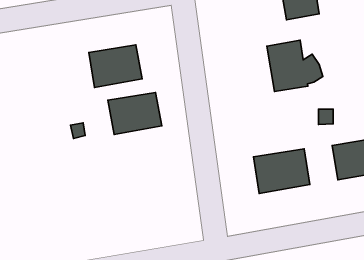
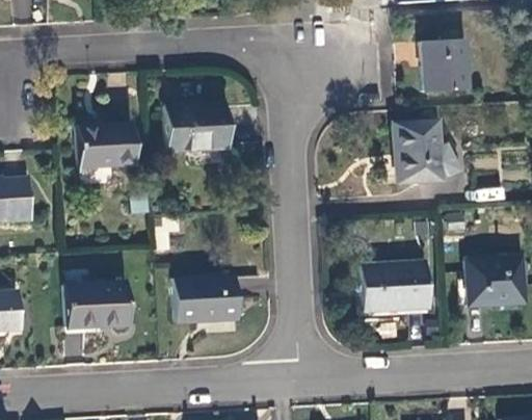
building: none -> [78,123,136,166]
building: [108,92,162,134] -> [174,272,239,320]
building: none -> [64,282,130,325]

